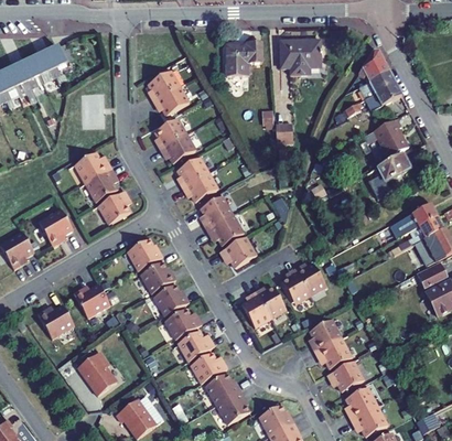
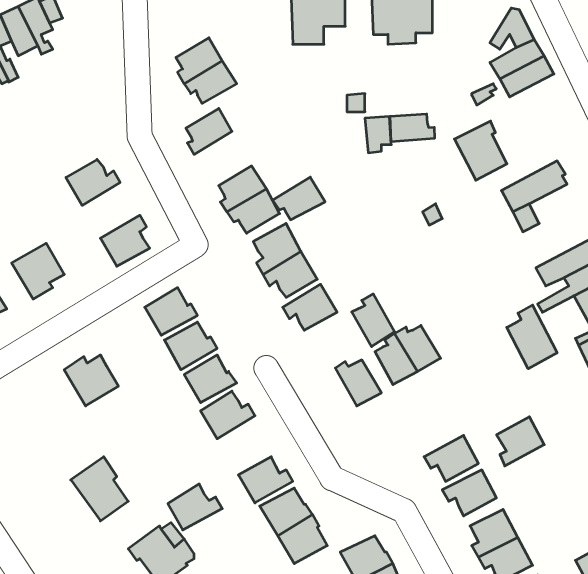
building: [373,118,408,158] -> [454,121,507,180]
building: none -> [390,114,434,142]
building: [160,133,195,162] -> [272,177,325,220]
building: [85,168,117,202] -> none
building: none -> [507,305,557,369]
building: [240,292,269,327] -> [352,294,395,347]
building: [36,304,74,338] -> none
building: [309,319,341,352] -> [497,417,544,466]
building: [177,330,214,361] -> [168,484,222,530]

